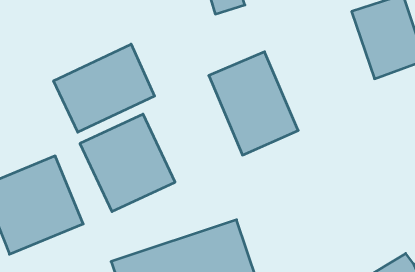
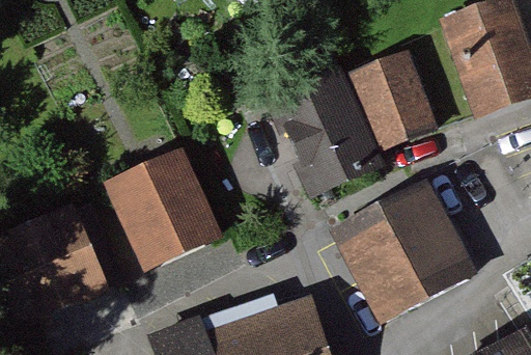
building: none -> [355,54,436,145]
building: [54,44,155,132] -> none
building: none -> [339,184,470,316]

